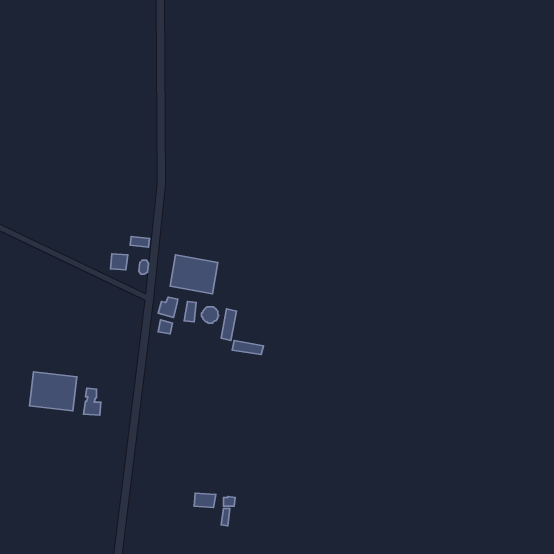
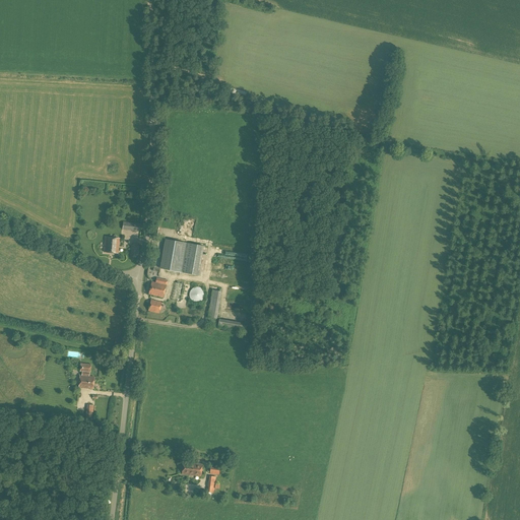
building: [29,372,77,411] -> none

